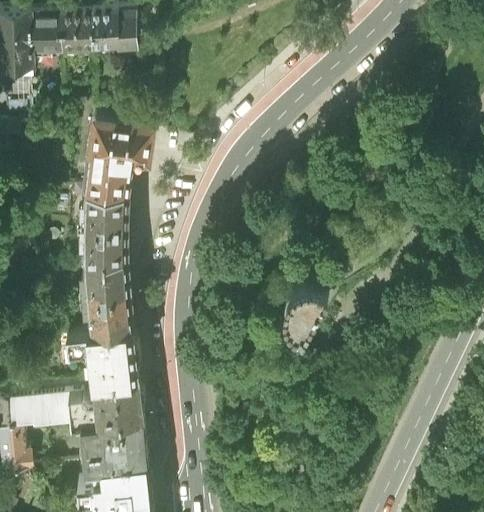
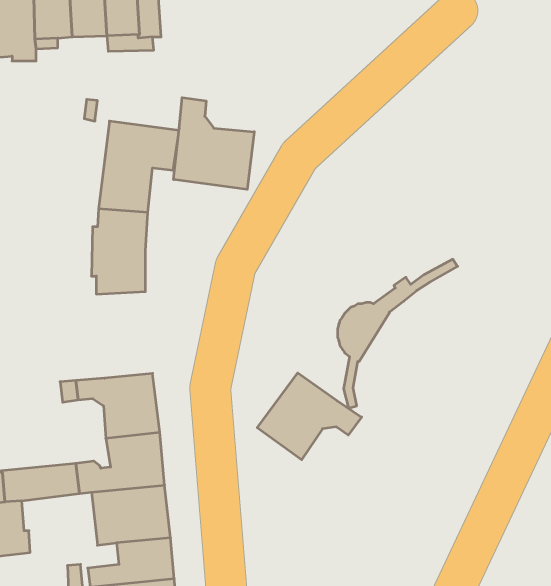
building: none -> [174,98,254,189]
building: [79,260,129,332] -> none
building: none -> [257,373,362,460]

